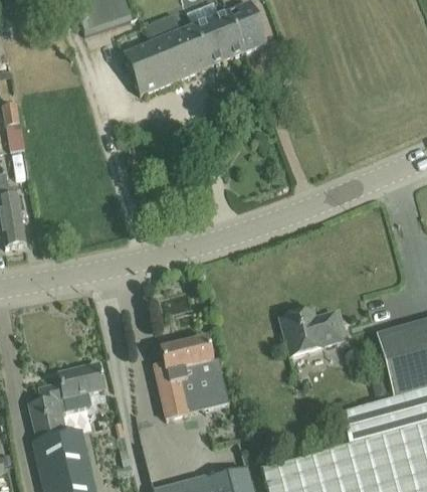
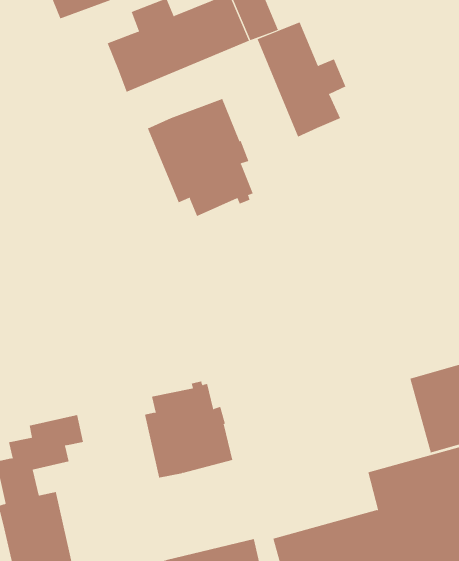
building: none -> [257,21,346,137]
building: none -> [147,98,254,217]
building: [280,309,342,355] -> none

